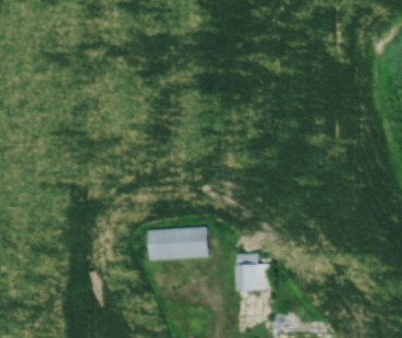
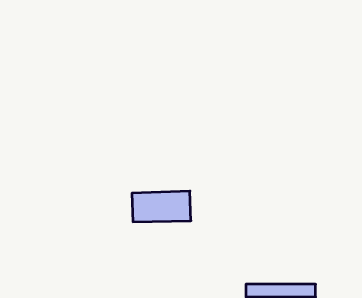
building: [233,253,268,290] -> none

